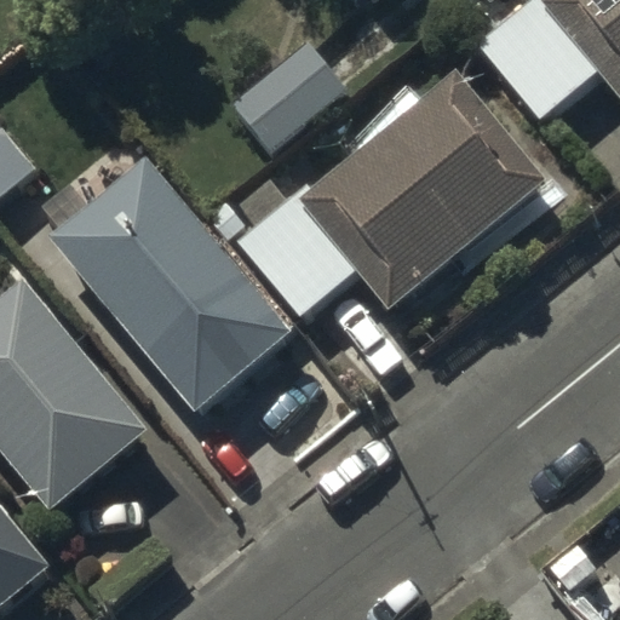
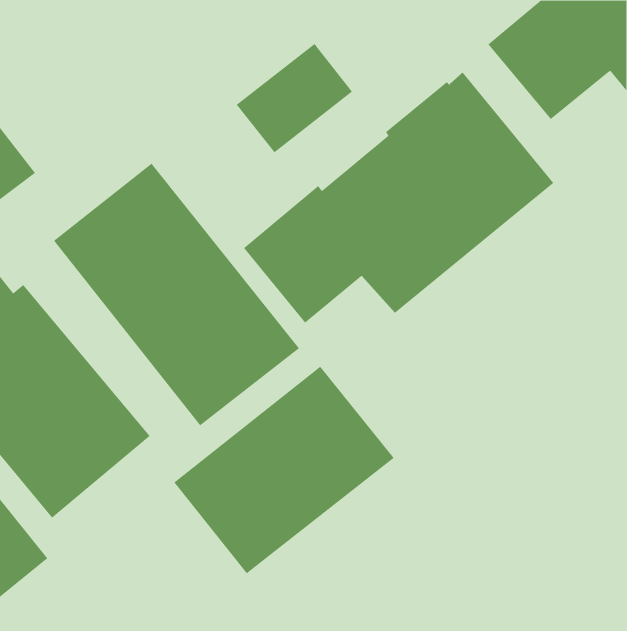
building: none -> [174,366,395,574]

